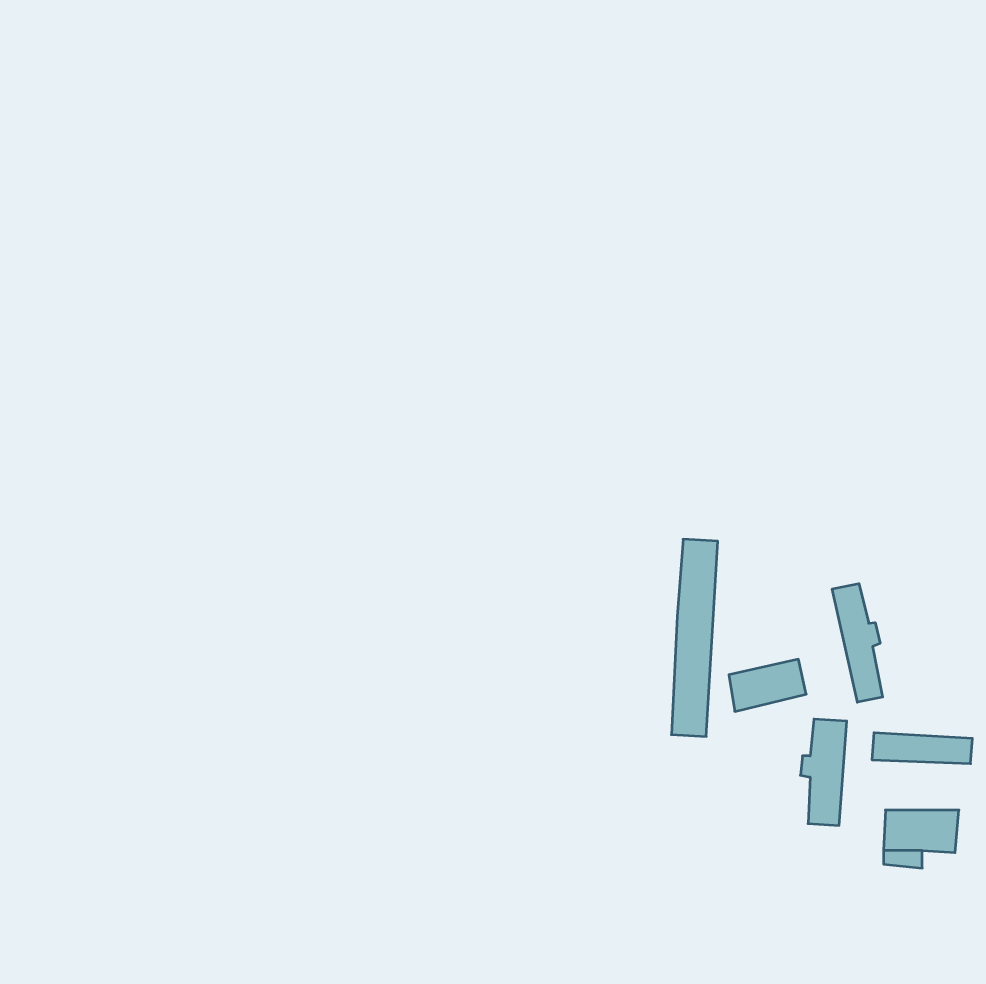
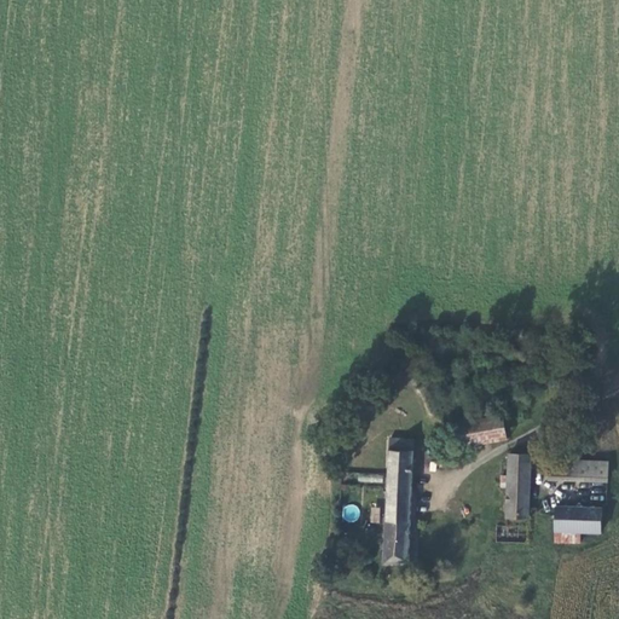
building: [671,539,718,736] -> [384,440,413,563]
building: [832,584,883,702] -> none

